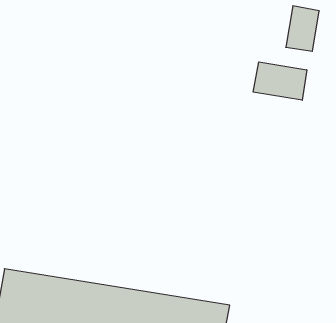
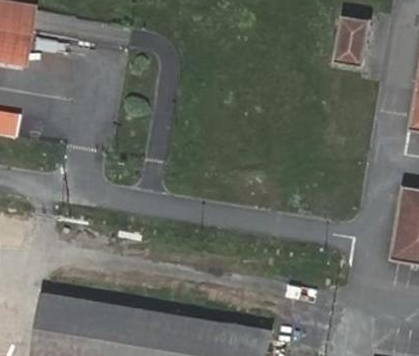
building: [253,62,307,100] -> none

